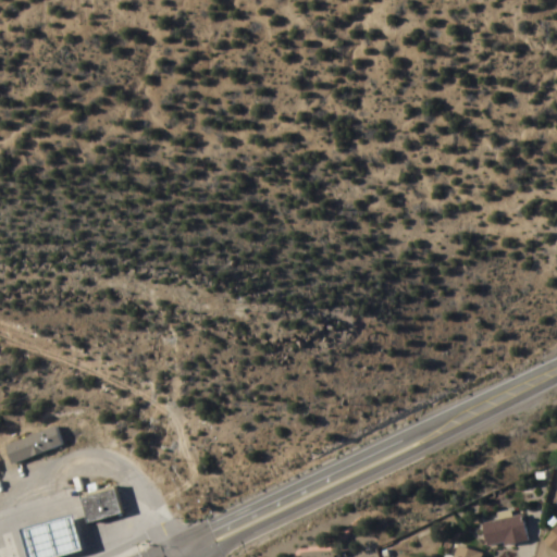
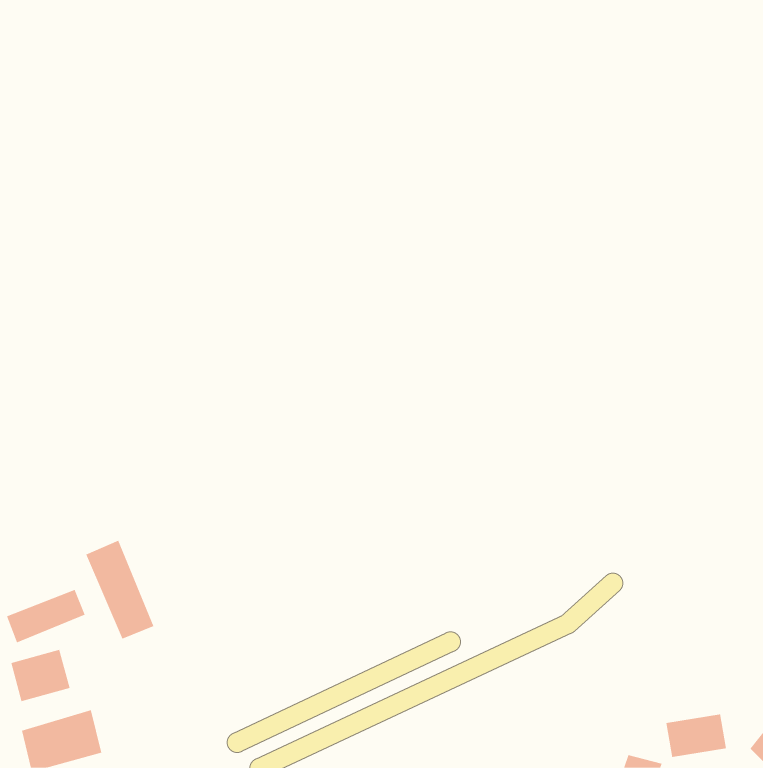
building: none -> [85,540,154,639]
building: [78,483,122,521] -> [10,649,70,702]

